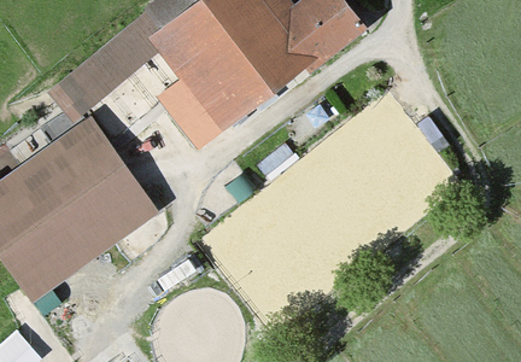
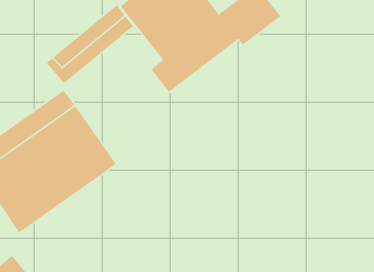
building: [165,62,219,135] -> none

